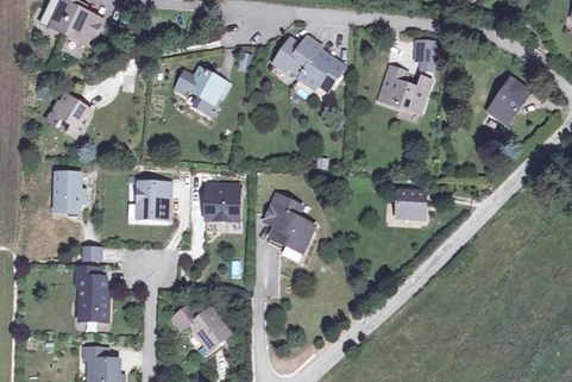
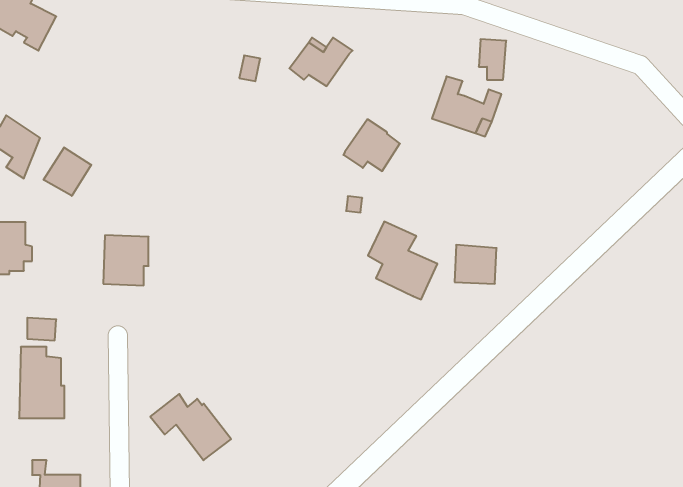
building: [300,49,341,87] -> [343,119,400,171]
building: [174,62,228,112] -> none
building: [488,79,524,124] -> none
building: none -> [44,147,91,196]
building: [206,182,239,219] -> none
building: [264,193,315,250] -> [368,222,437,299]

